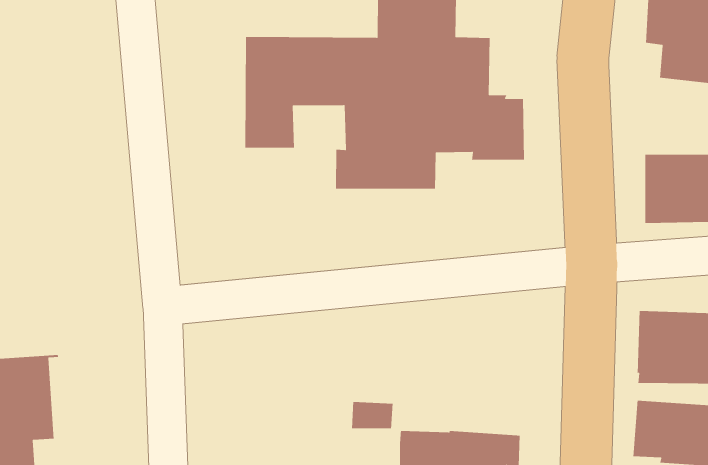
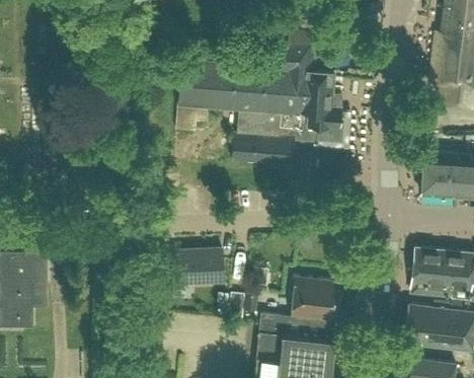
building: none -> [157,250,220,286]
building: none -> [292,277,341,321]

